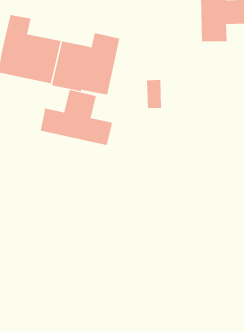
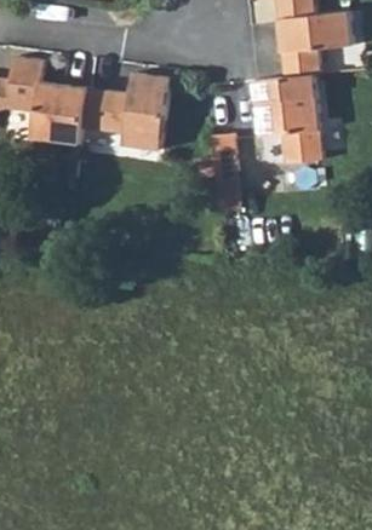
building: none -> [253,73,322,161]
building: [40,89,112,146] -> none

